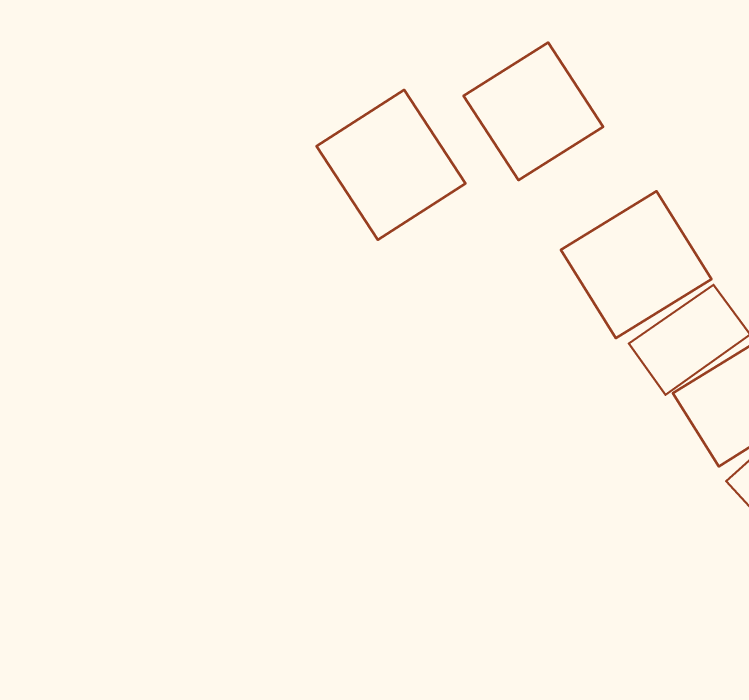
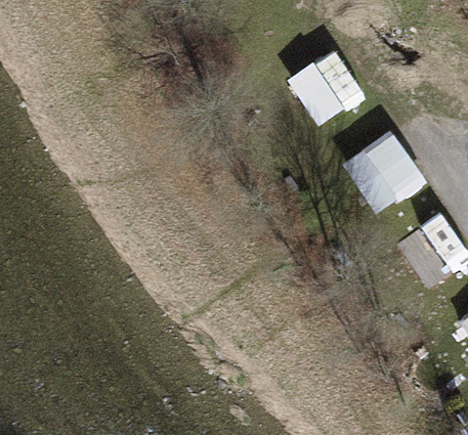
building: [317,90,465,240] -> none

